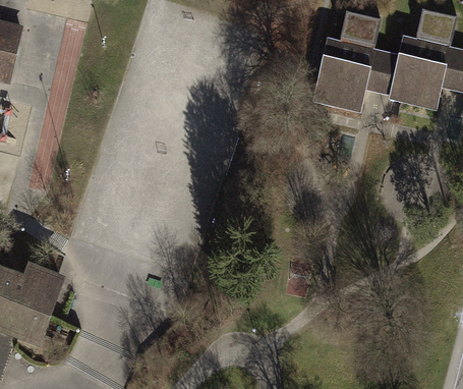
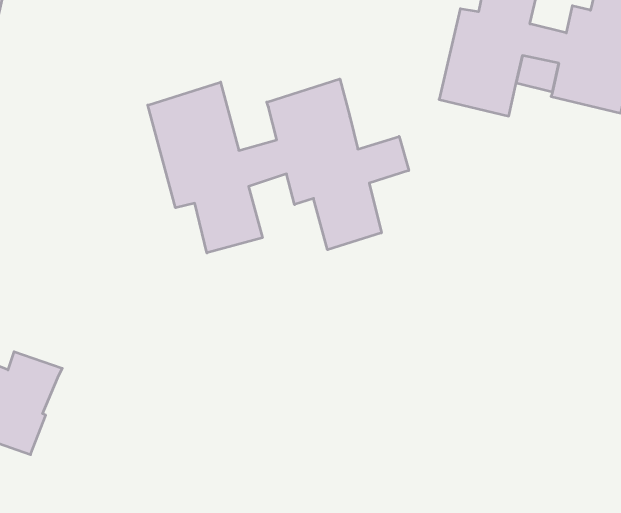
building: none -> [148,79,409,253]

